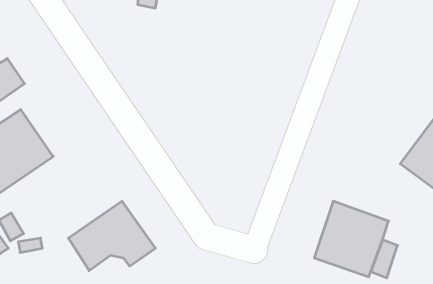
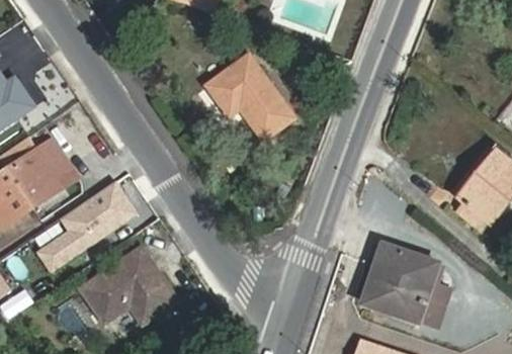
building: none -> [203,54,289,138]
building: none -> [35,136,82,190]
building: none -> [35,179,135,270]

